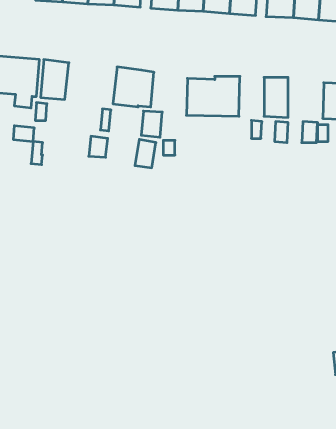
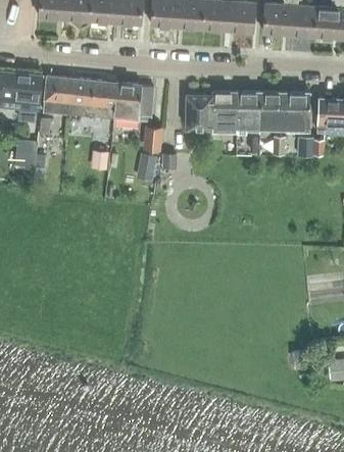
building: none -> [66,79,117,118]
building: none -> [236,92,260,131]
building: none -> [284,93,309,132]

